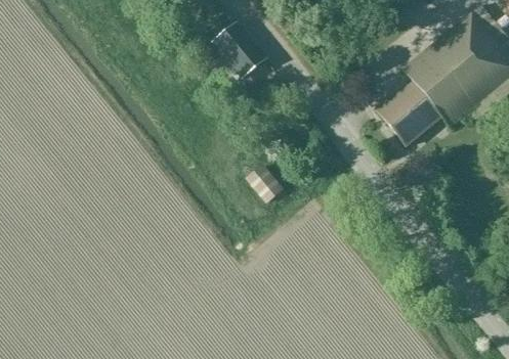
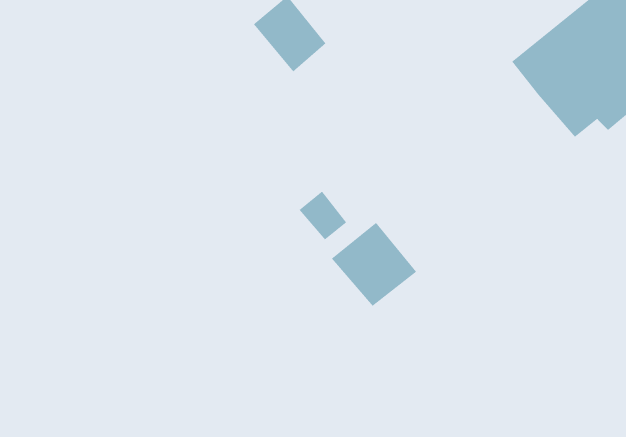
building: [377,82,441,145] -> none
building: none -> [331,222,417,307]

